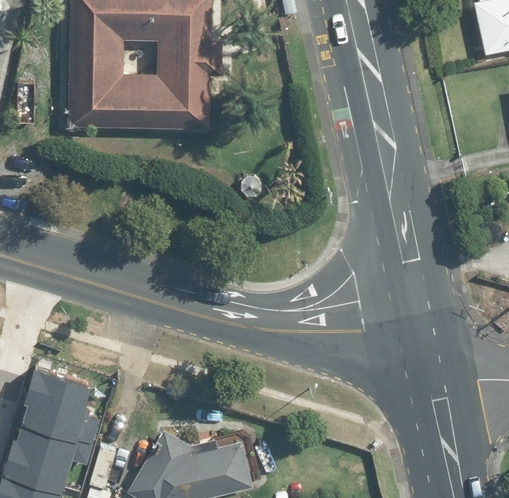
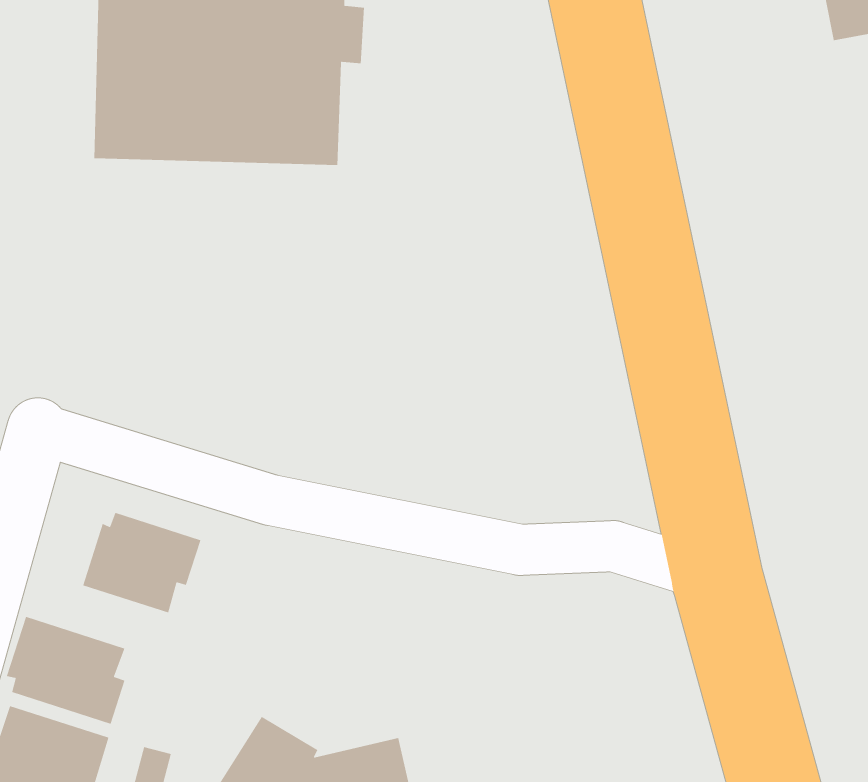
building: none -> [82,512,202,614]

